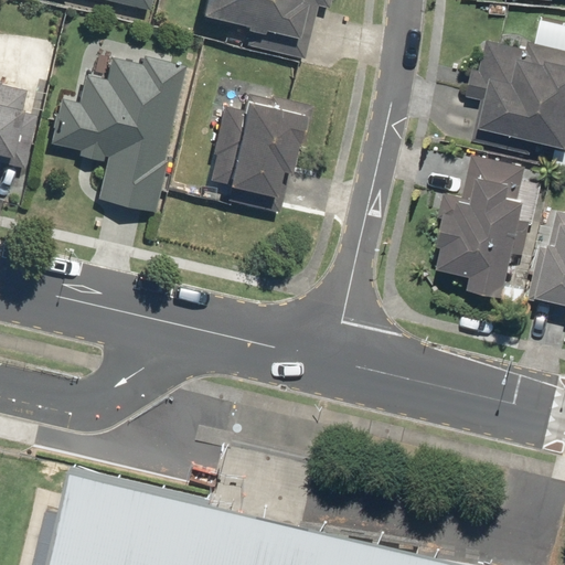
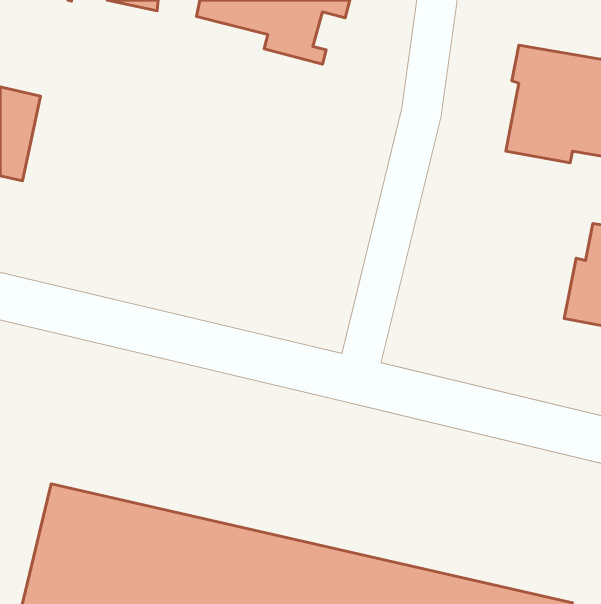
building: [53,64,182,215] -> none
building: [209,96,311,216] -> none
building: [429,154,531,299] -> none

